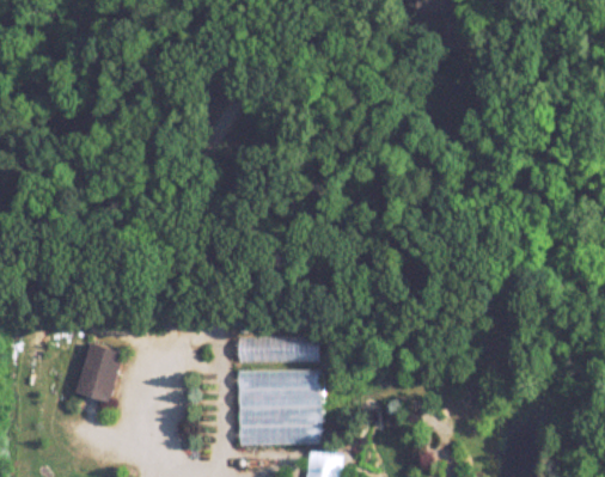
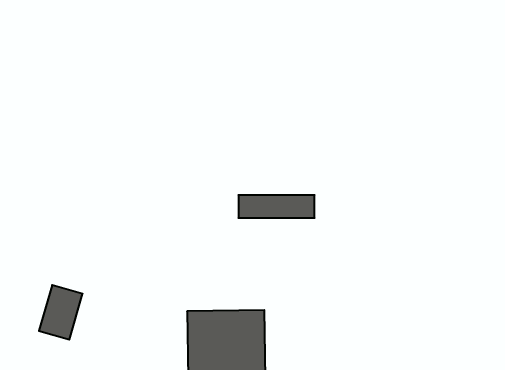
building: [238,337,322,362] -> [238,195,315,218]

